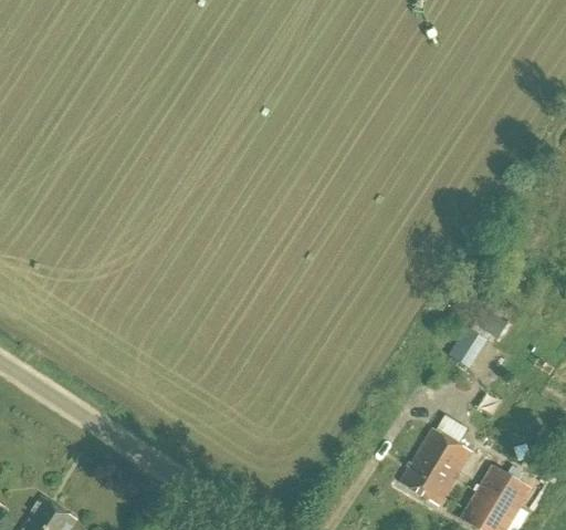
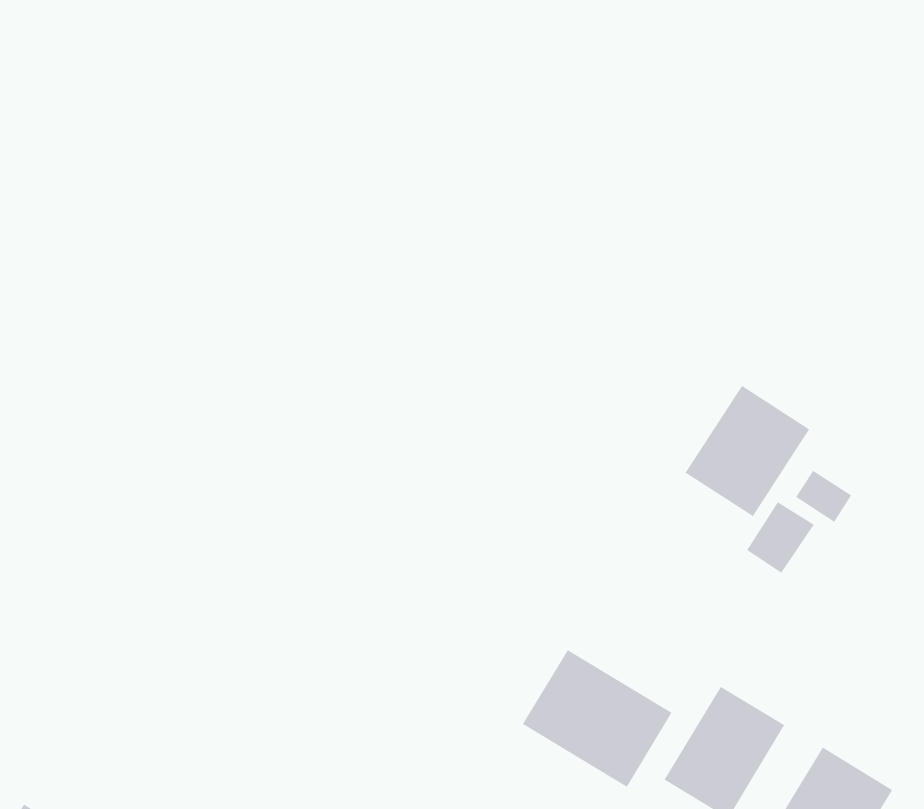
building: none -> [685,385,810,517]
building: none -> [522,649,672,788]

